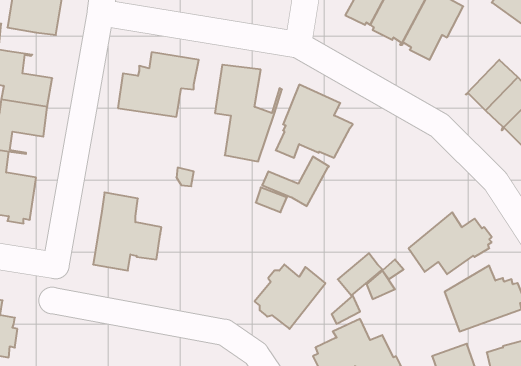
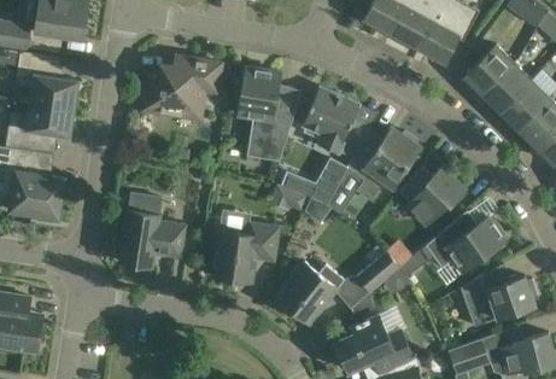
building: none -> [464,45,514,97]
building: none -> [347,127,422,198]
building: none -> [400,165,467,225]
building: none -> [212,222,280,284]

